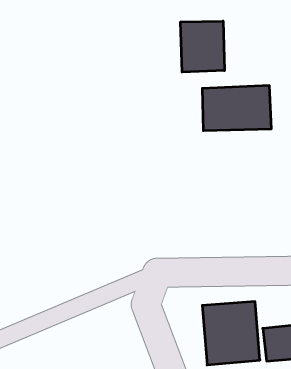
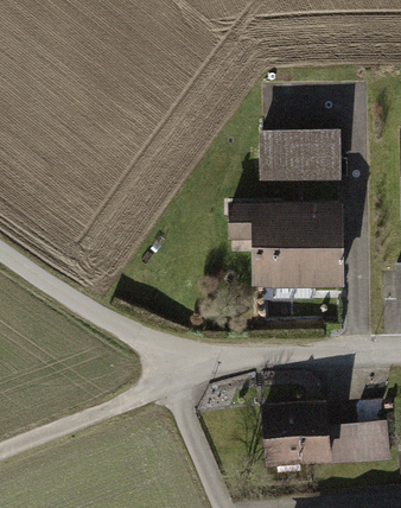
building: [181,21,224,72] -> none
building: none -> [246,215,342,288]

